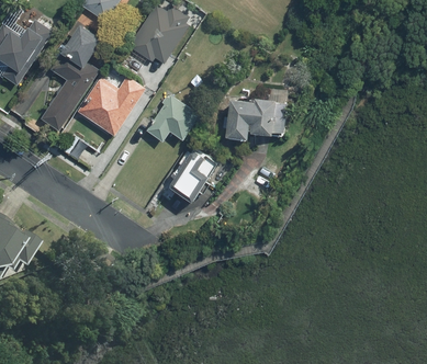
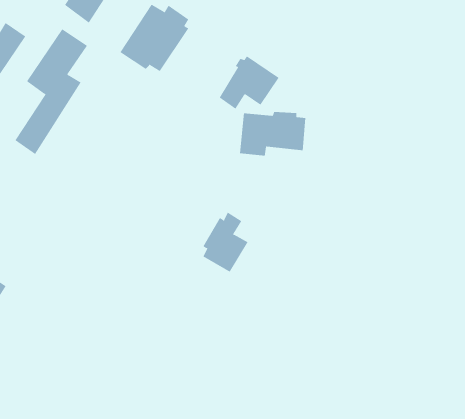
building: [78,78,144,136] -> none
building: [148,93,199,138] -> [219,56,279,109]
building: [172,146,211,196] -> [203,212,249,272]

